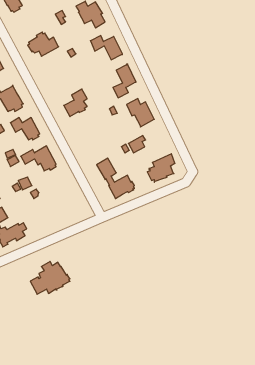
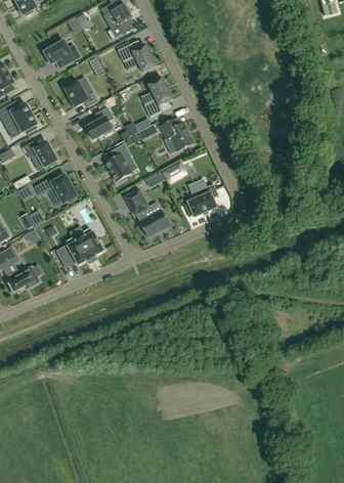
building: none -> [63,80,97,106]
building: none -> [104,143,130,182]
building: [30,261,70,294] -> [55,226,102,265]

